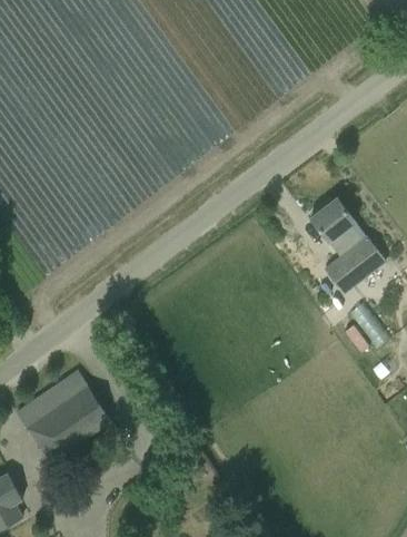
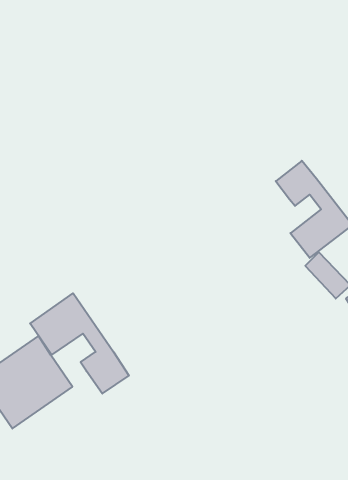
building: none -> [30,293,129,394]

